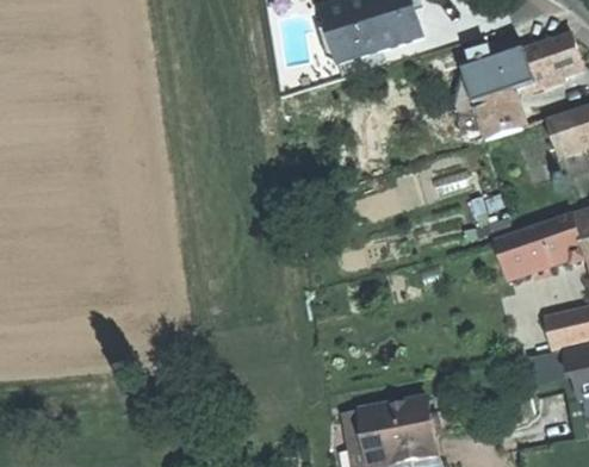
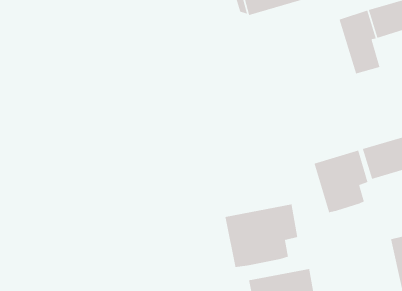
building: none -> [313,150,368,213]
building: none -> [225,204,298,268]

